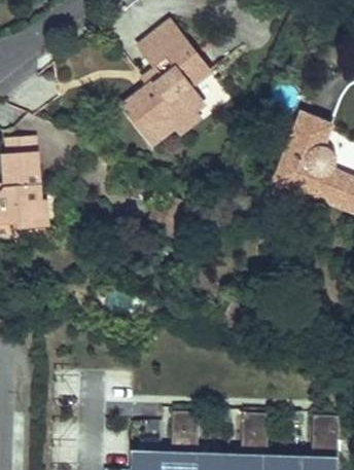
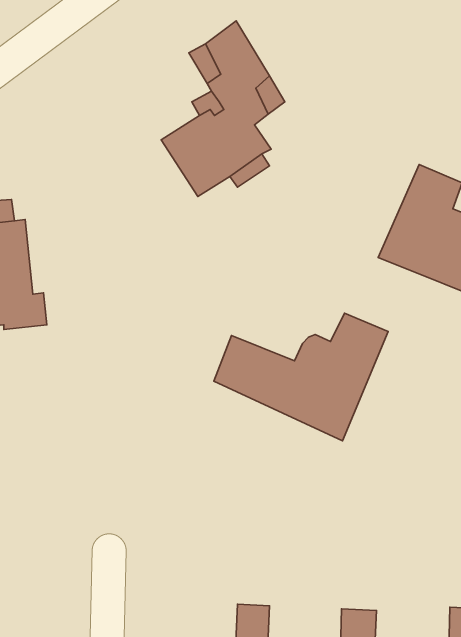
building: none -> [214,313,388,441]

